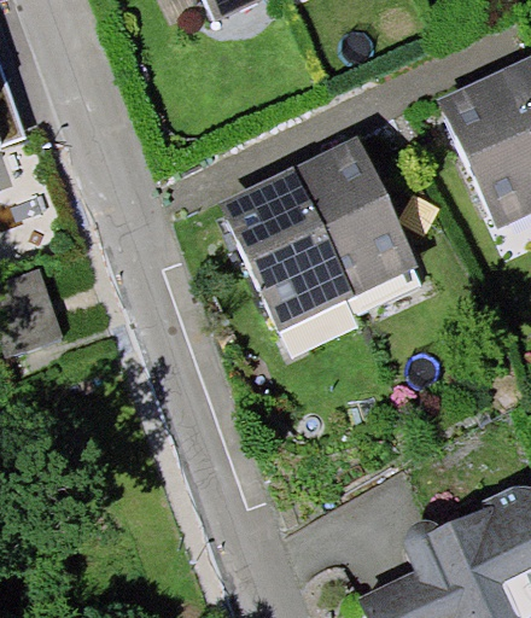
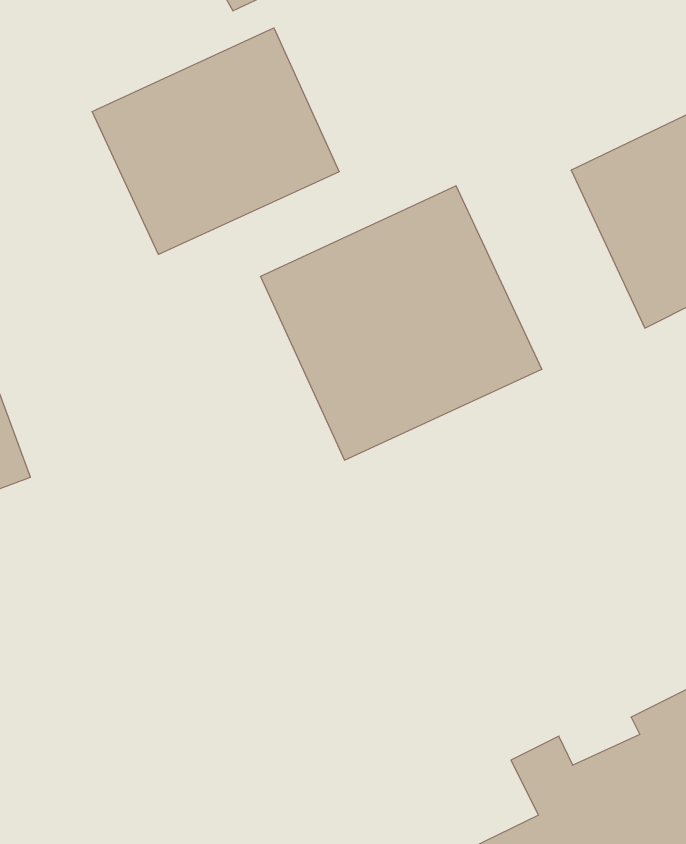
building: none -> [92,28,339,254]

